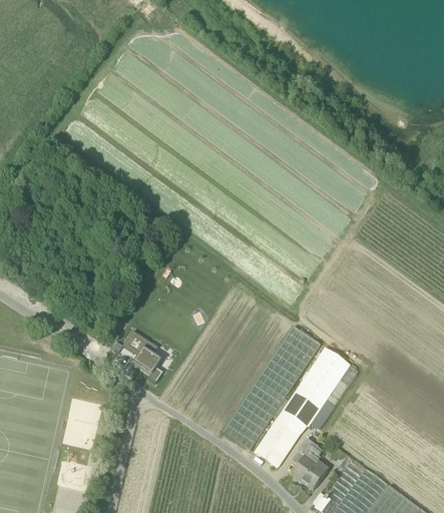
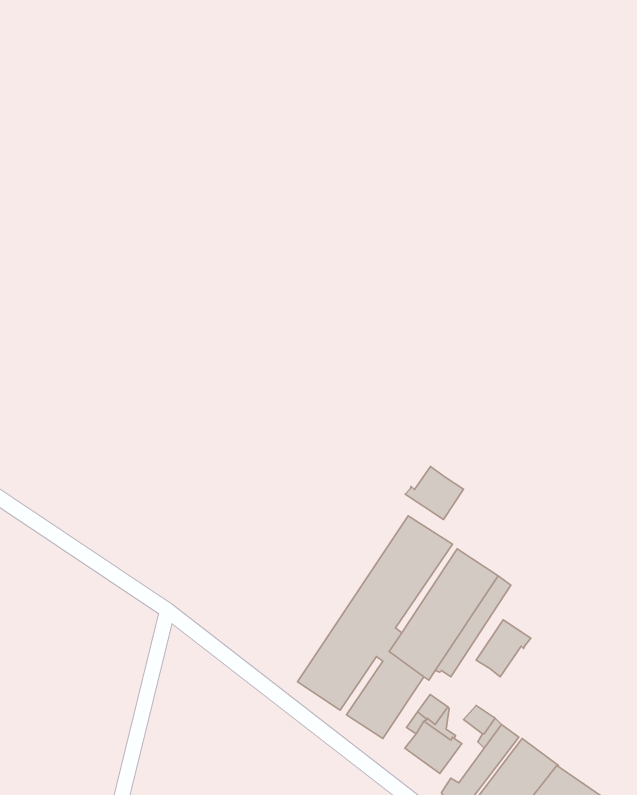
building: none -> [405,466,464,519]
building: [123,332,164,381] -> none
building: none -> [476,620,531,677]

